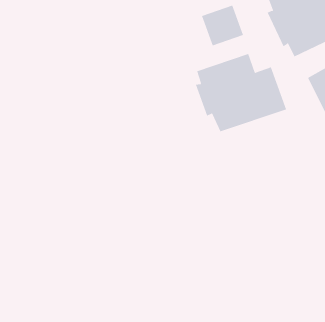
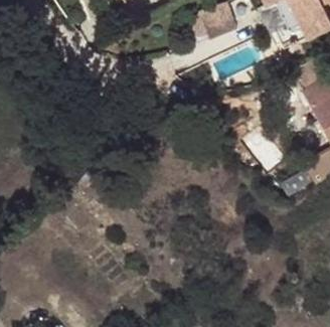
building: [195,53,287,132] -> none

